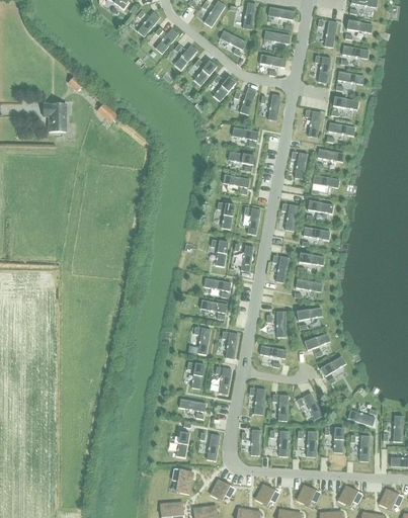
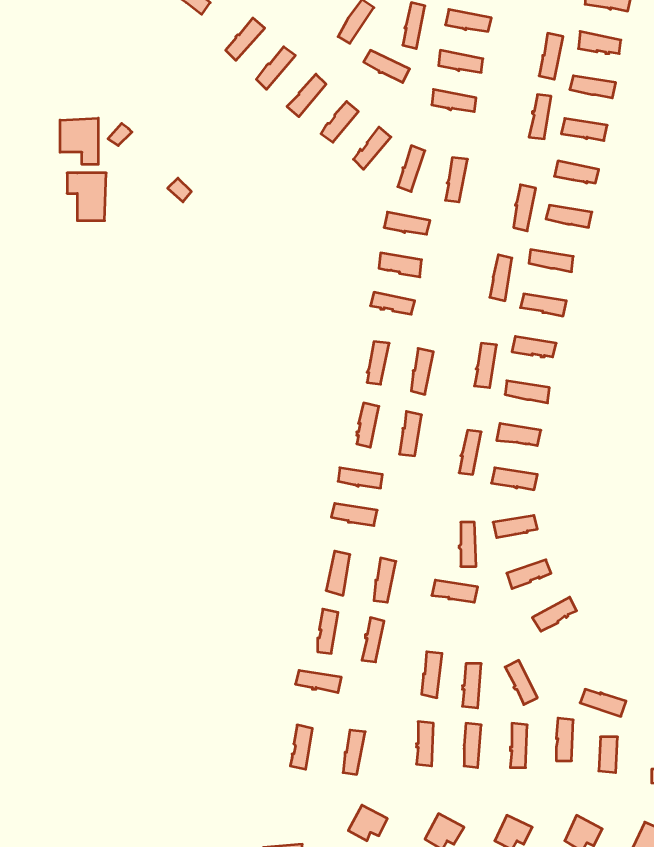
building: none -> [60,118,98,164]
building: [172,468,192,494] -> none

